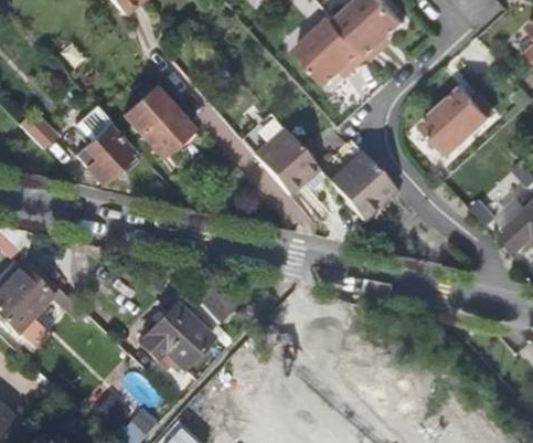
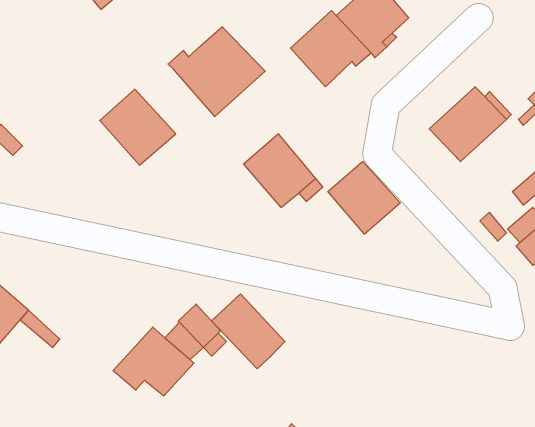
building: none -> [168,27,265,117]
building: [73,106,131,181] -> none
building: none -> [212,294,285,369]

